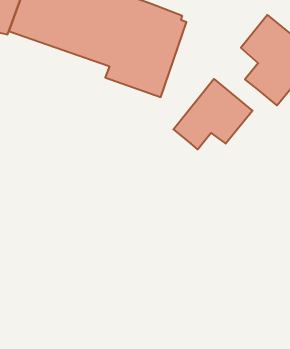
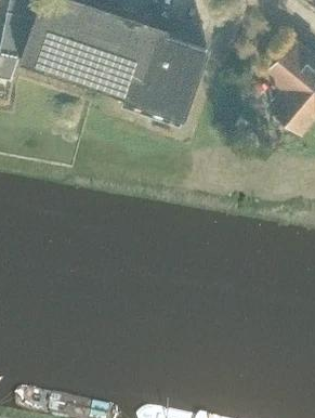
building: [173,79,253,149] -> none

